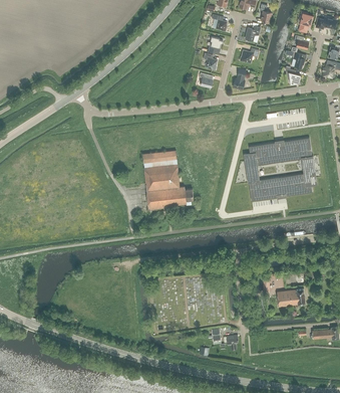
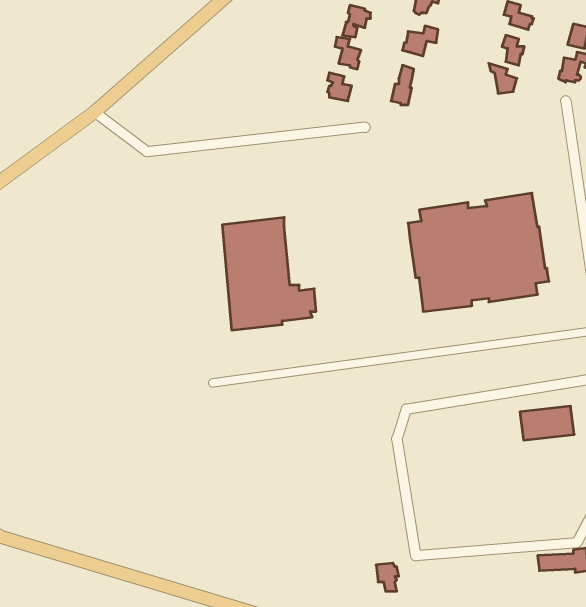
building: [276,288,305,307] -> [520,406,574,440]

